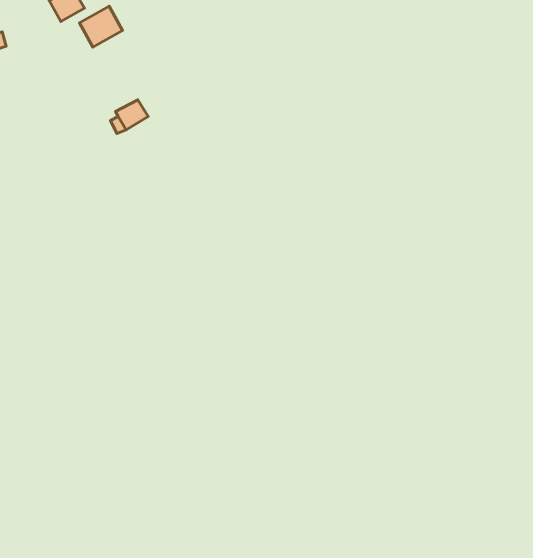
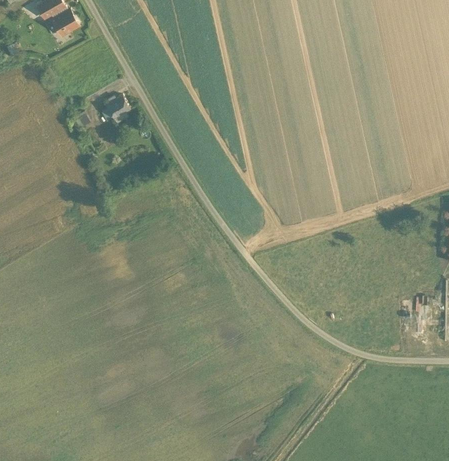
building: [79,6,122,47] -> none

